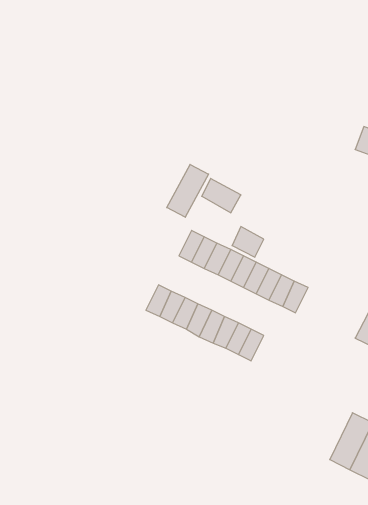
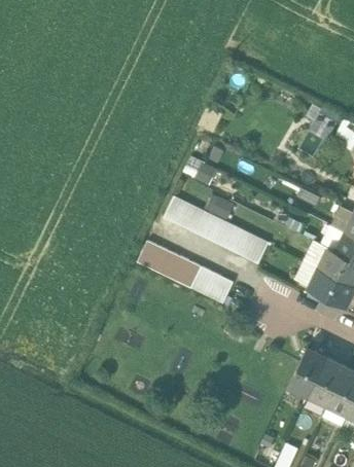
building: [167,164,209,217] -> none

